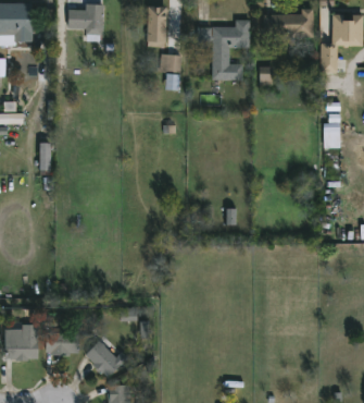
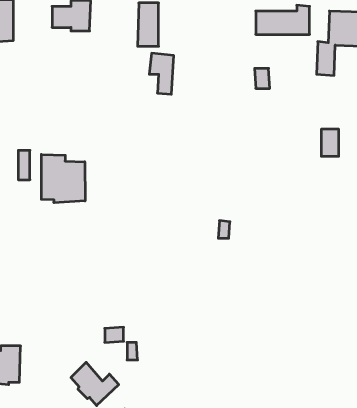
building: [198,19,248,80] -> none
building: none -> [41,154,85,203]
building: [47,331,83,353] -> none

